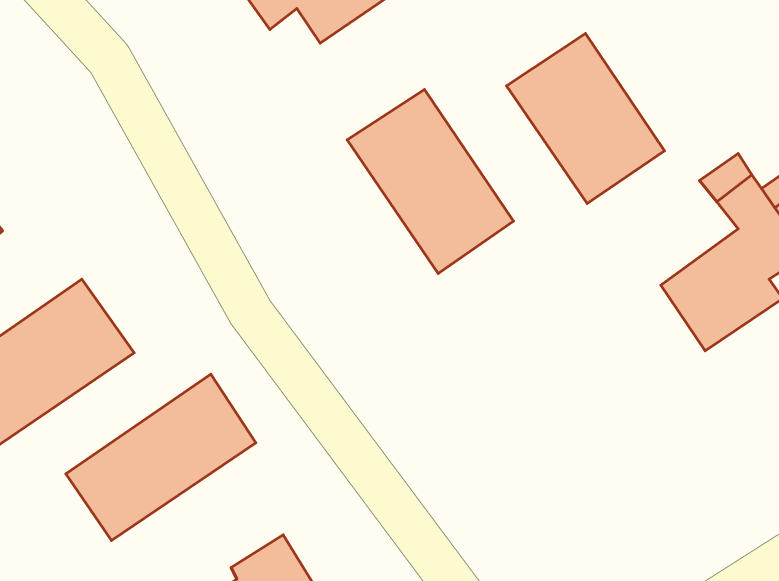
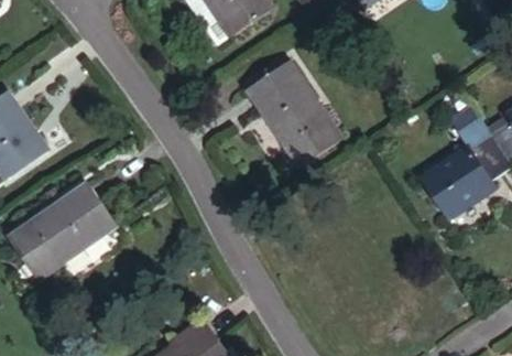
building: [506,34,664,204] -> none
building: [66,374,256,541] -> none

